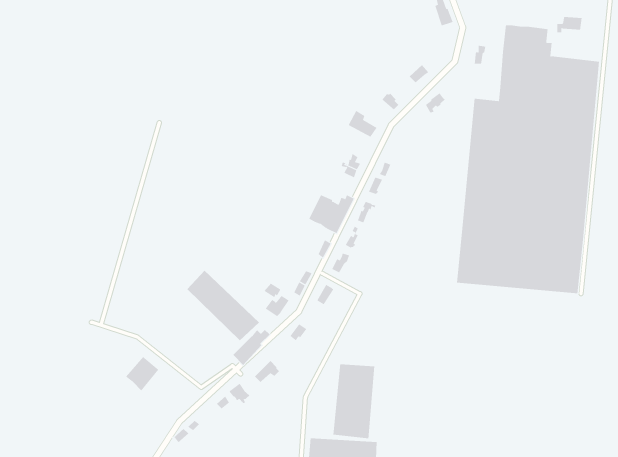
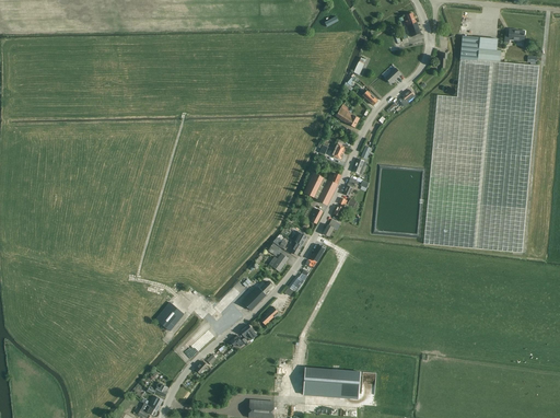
building: [187,270,260,341] -> none
building: [333,363,375,439] -> none

